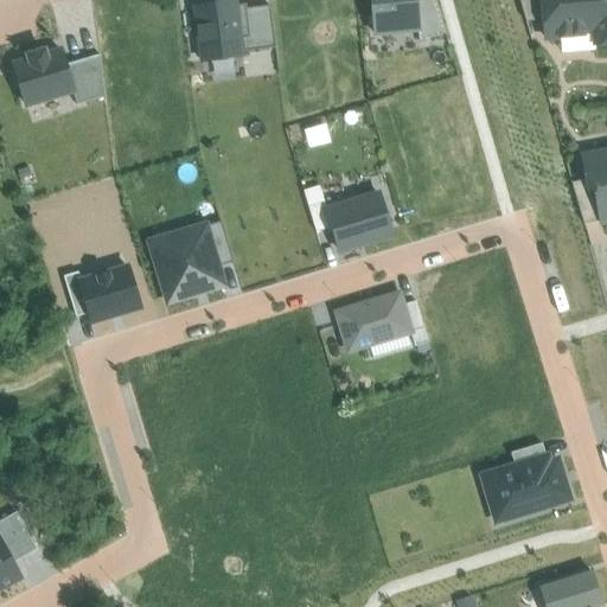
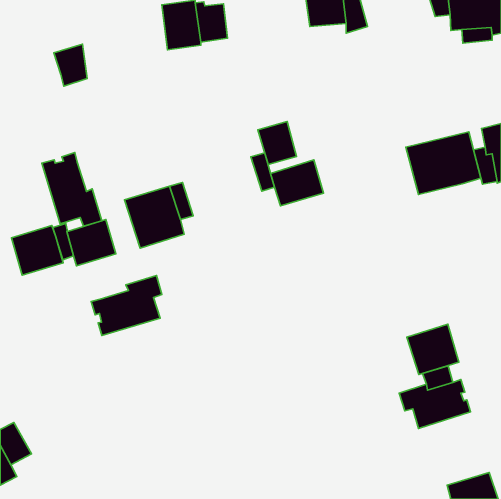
building: [14,49,74,104] -> none
building: none -> [258,121,297,165]
building: none -> [406,132,481,195]
building: none -> [42,153,102,226]
building: none -> [11,226,63,275]
building: [337,293,411,351] -> none
building: none -> [91,276,162,336]
building: none -> [407,324,459,375]

